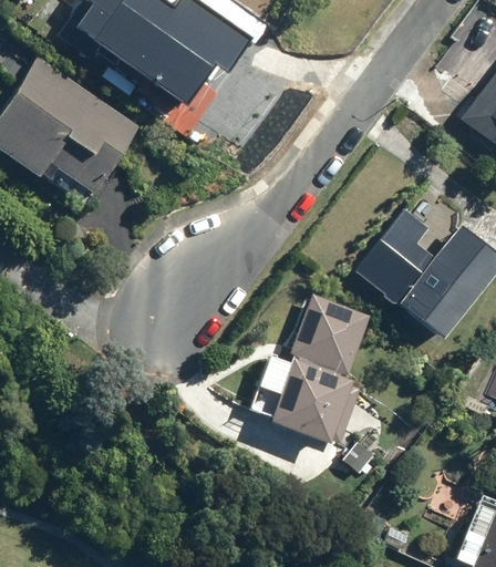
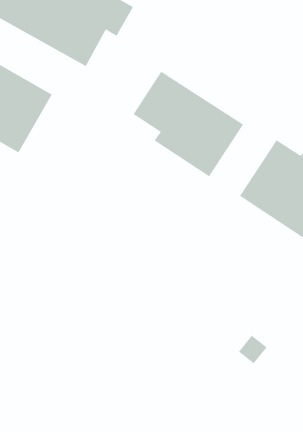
building: none -> [133,71,244,177]
building: [261,296,370,444] -> none

